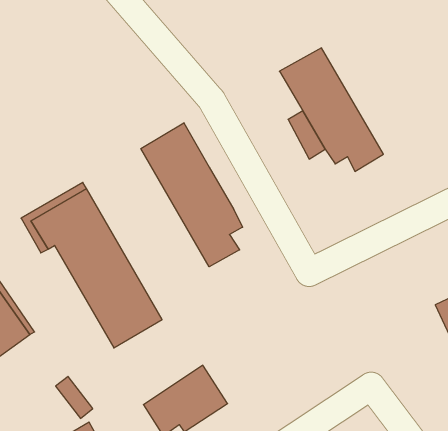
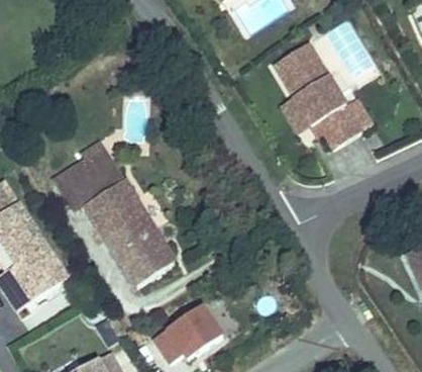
building: [141,123,243,267] -> none

